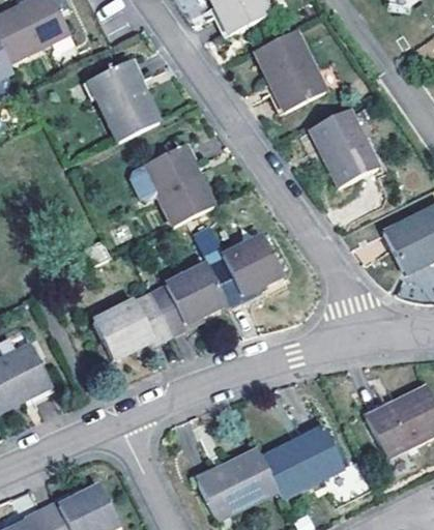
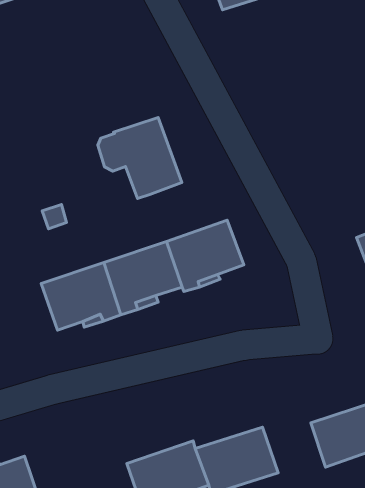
building: [255,31,325,112] -> none
building: [87,60,160,142] -> none
building: [312,108,381,186] -> none

